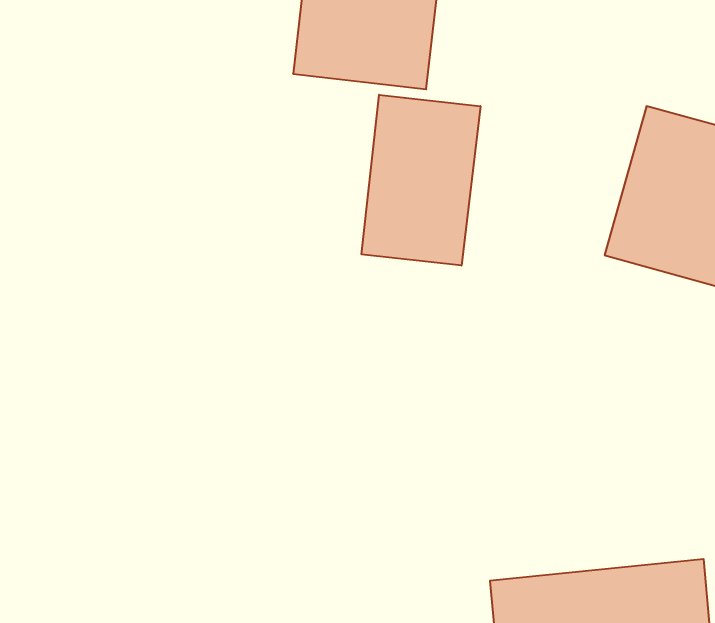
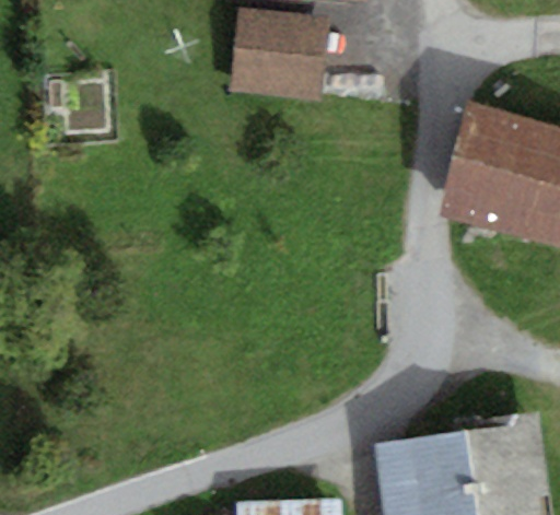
building: [362,95,480,266] -> none

